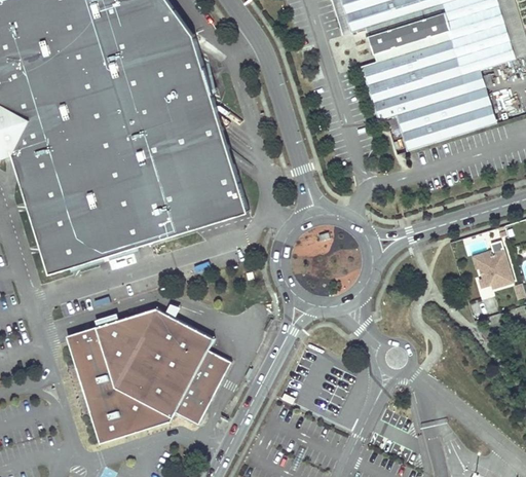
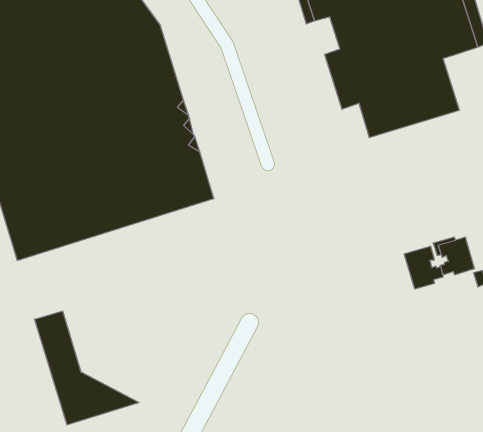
building: none -> [404,246,443,289]
building: [93,307,229,425] -> none

